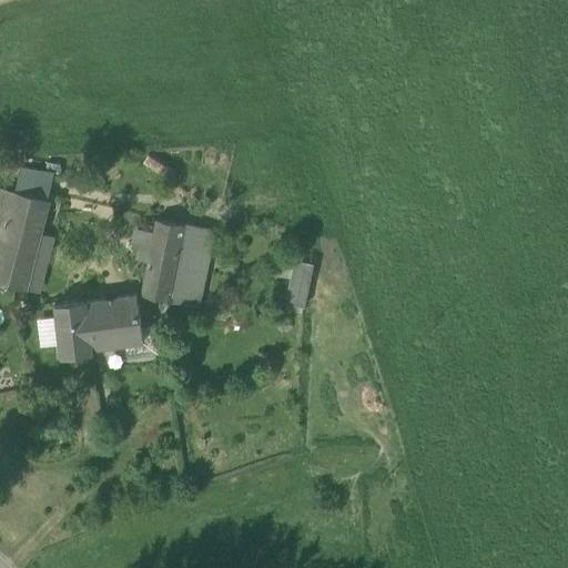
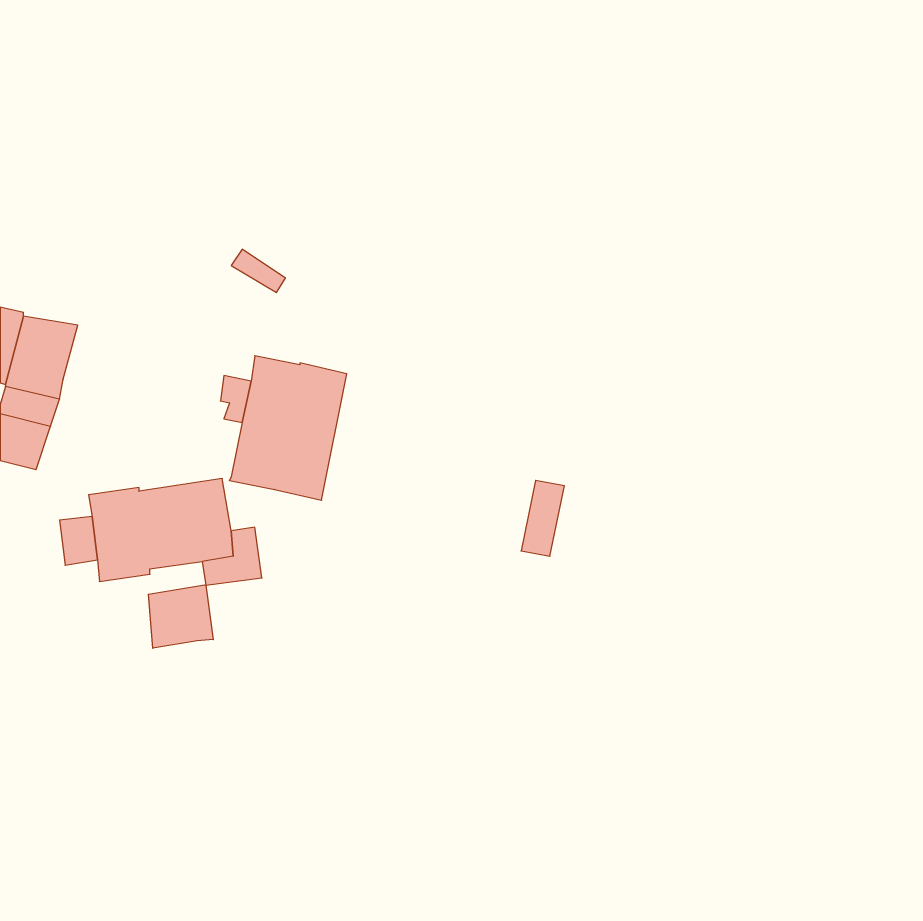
building: [14,169,54,201] -> none
building: [22,234,54,294] -> none
building: [285,262,312,308] -> [521,480,564,556]
building: none -> [148,585,213,648]

